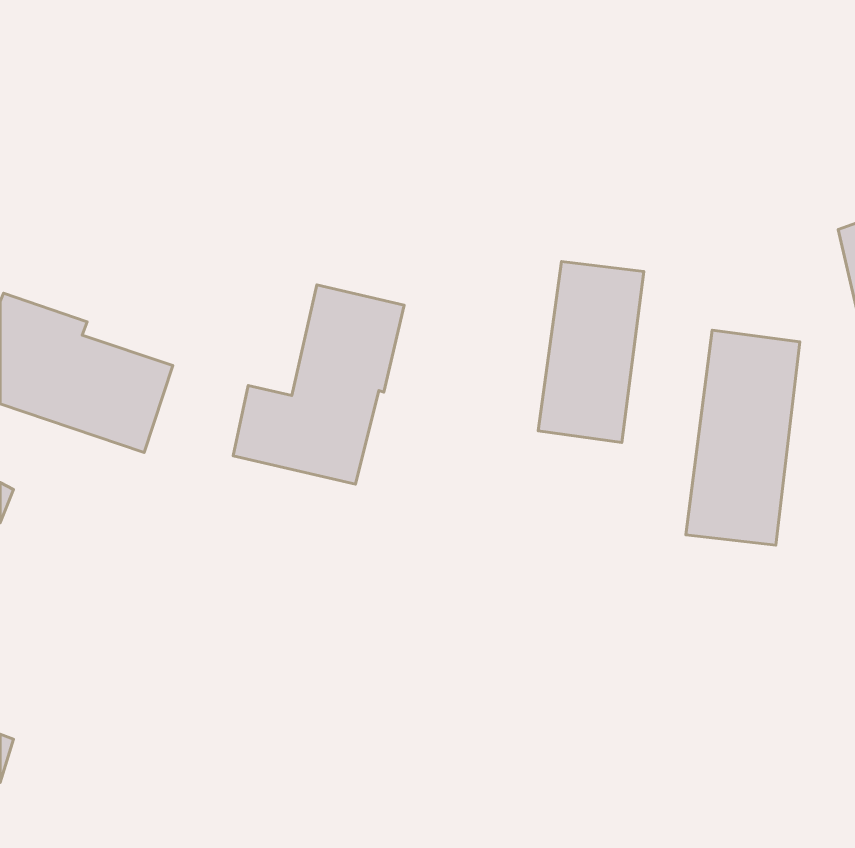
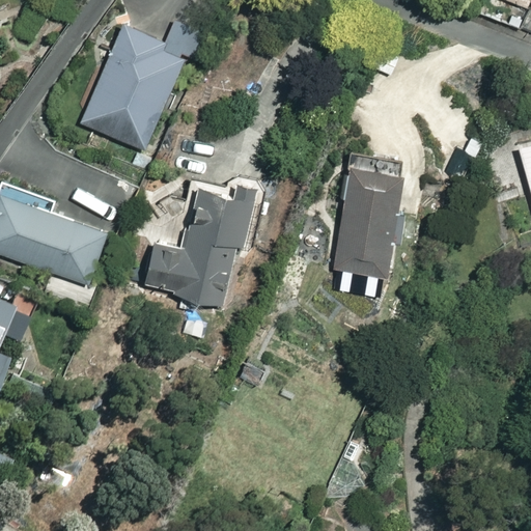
building: none -> [83,27,185,150]
building: [686,330,800,545] -> none

